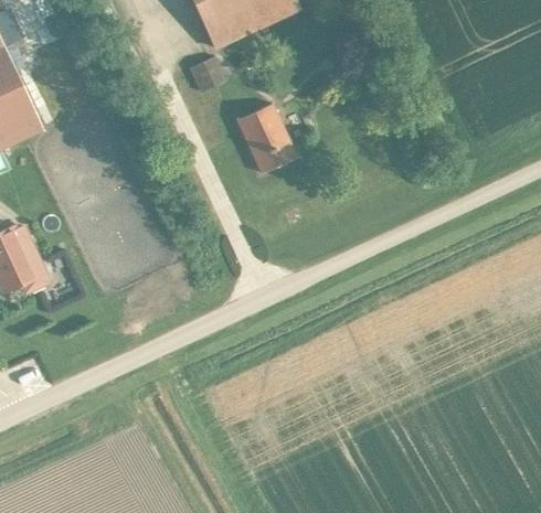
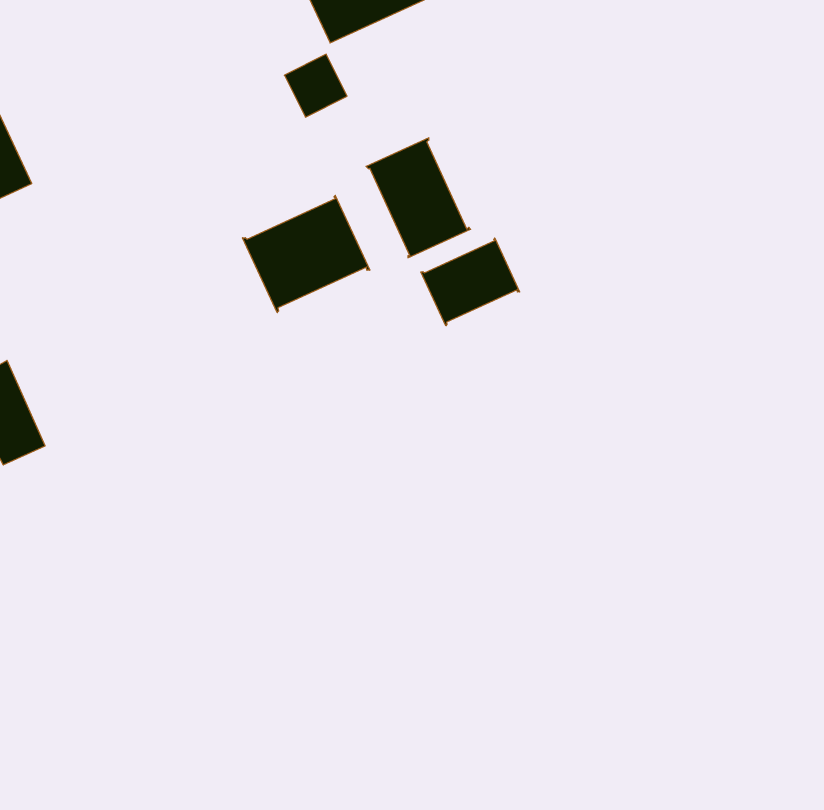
building: none -> [243,195,370,313]
building: none -> [421,238,520,326]

